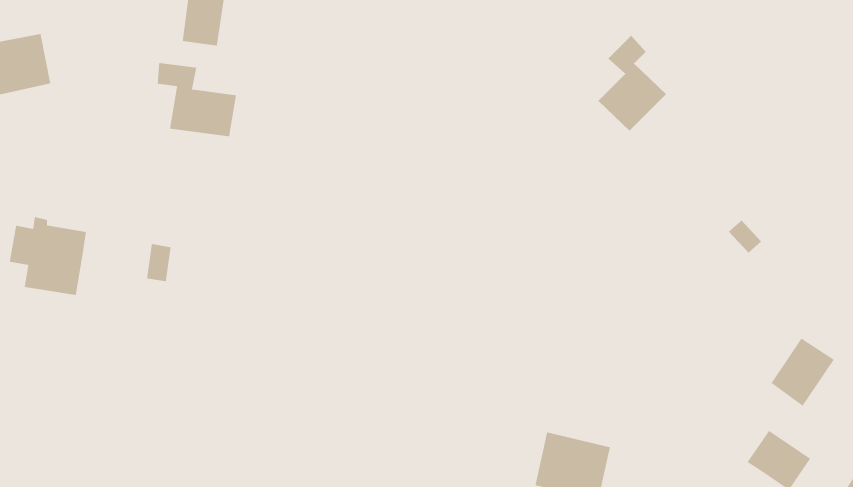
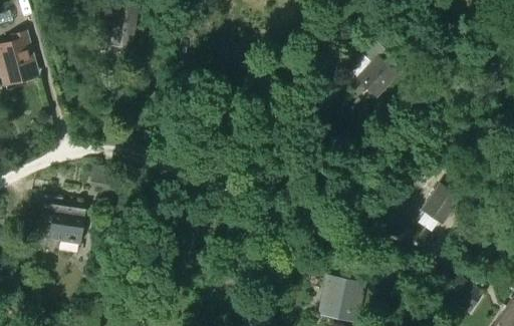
building: [157,62,237,137] -> none
building: [9,216,87,296] -> [38,199,84,246]
building: [771,337,835,407] -> [421,186,459,227]

